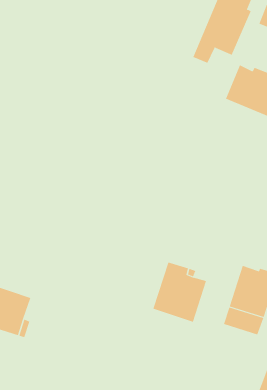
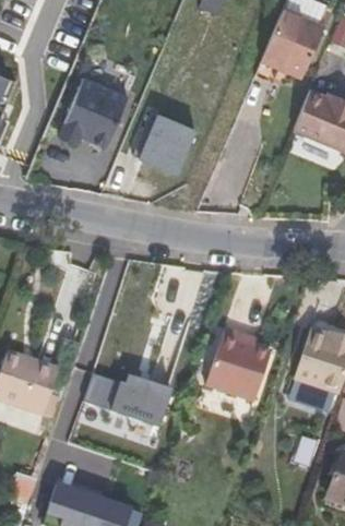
building: none -> [60,67,131,147]
building: none -> [138,106,199,171]
building: none -> [84,369,170,427]

